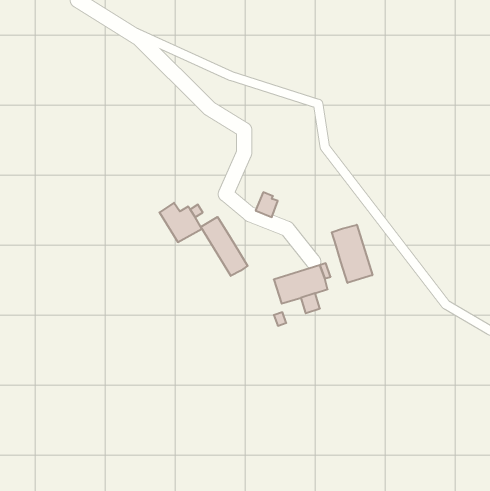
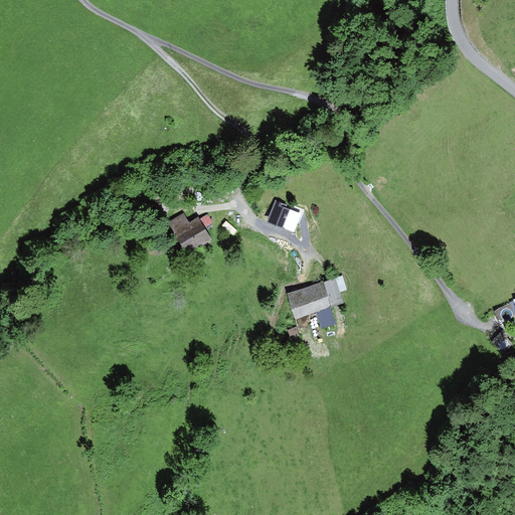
building: [201,217,248,276] -> none
building: [332,225,372,283] -> none

